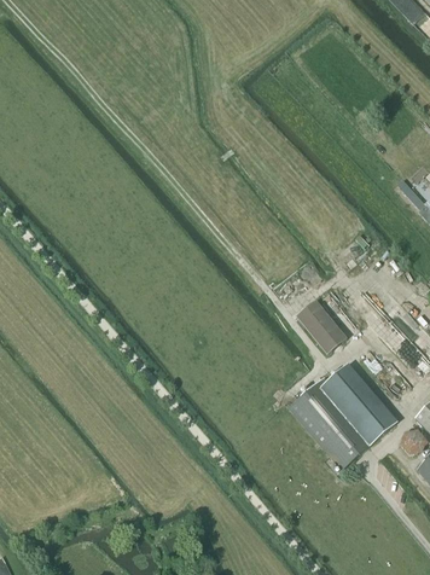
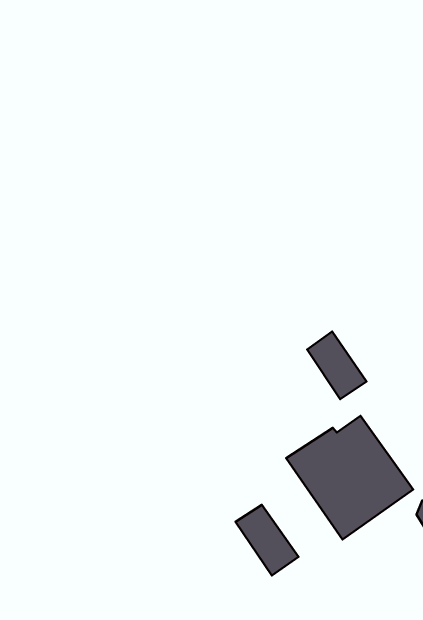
building: none -> [236,505,298,575]

